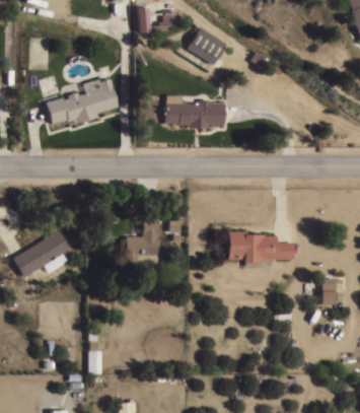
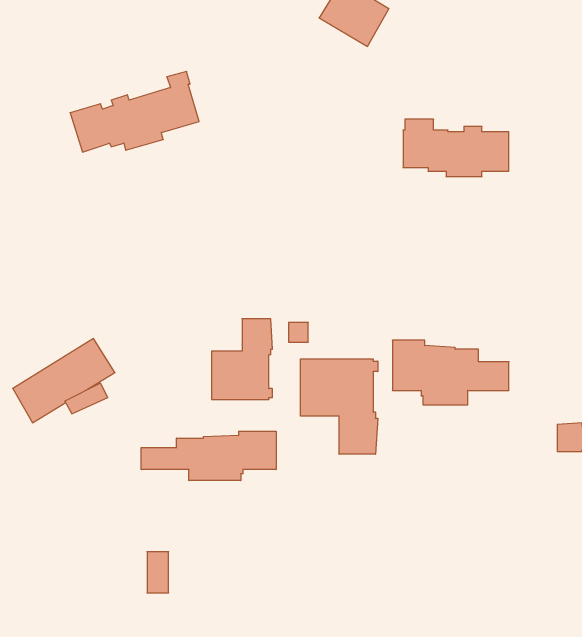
building: [164,95,224,128] -> [403,119,509,177]
building: none -> [301,359,378,454]
building: none -> [141,431,276,481]

